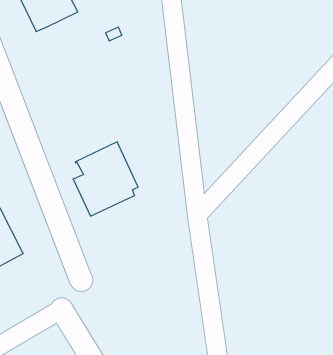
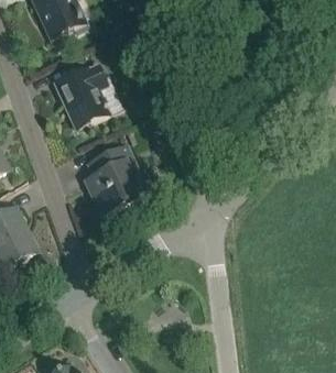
building: none -> [54,63,110,125]

